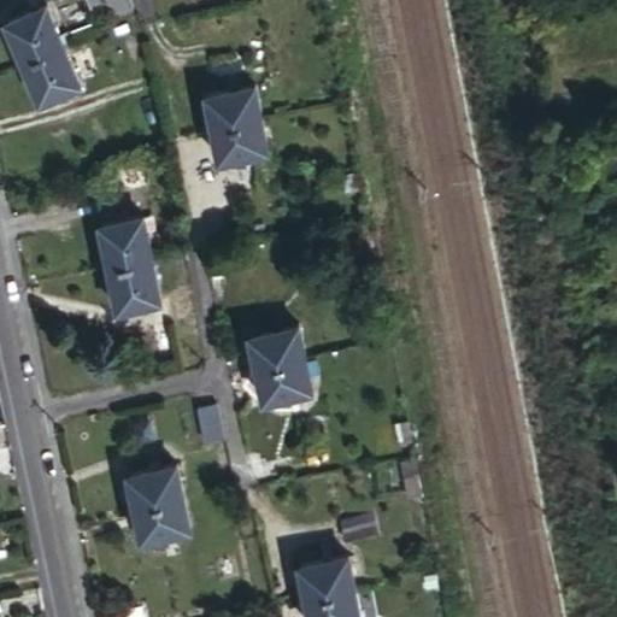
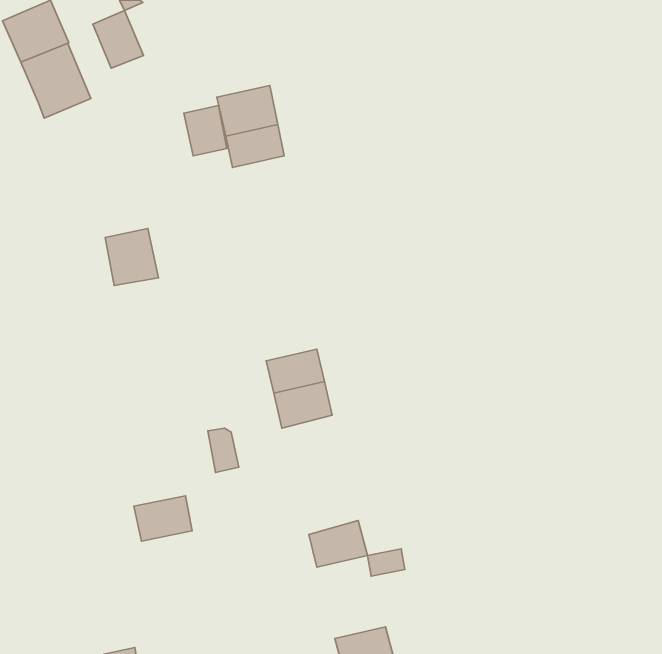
building: none -> [93,10,143,68]
building: none -> [184,105,227,156]
building: [106,266,155,315] -> none
building: [131,501,186,543] -> none
building: [304,558,358,601] -> [309,520,367,567]

